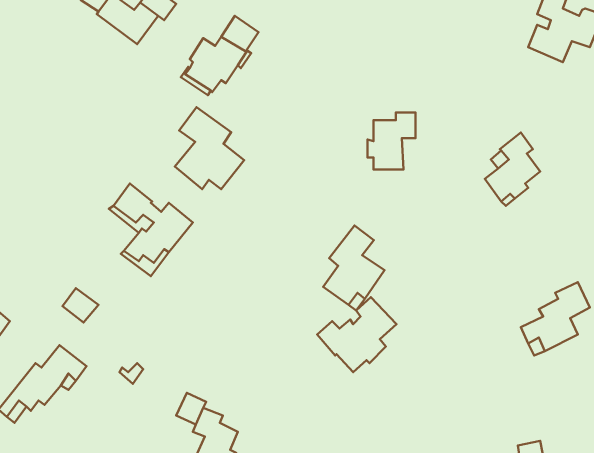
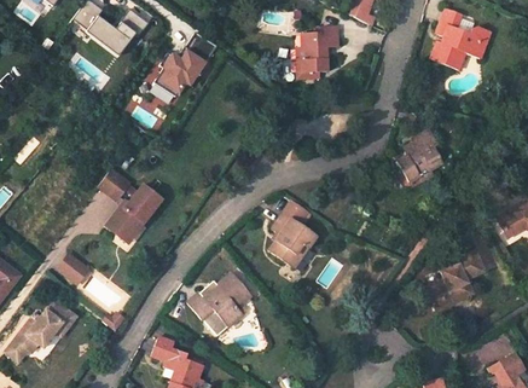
building: [175,107,244,189] -> none
building: [367,113,415,169] -> [301,25,340,71]
building: [317,297,396,372] -> [186,274,250,335]

